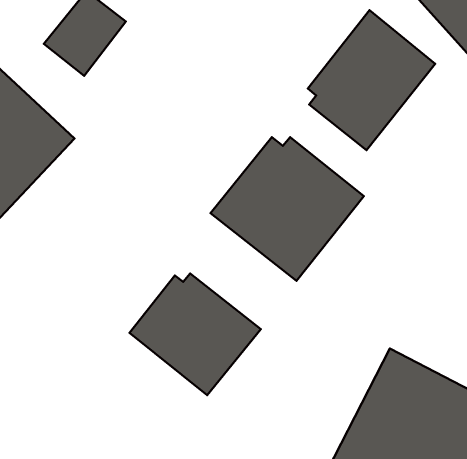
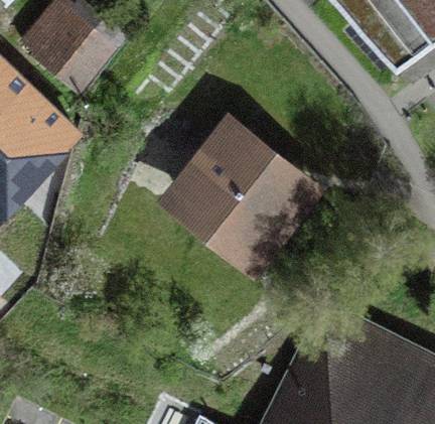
building: [308,10,435,150] -> none
building: [130,273,261,395] -> none

